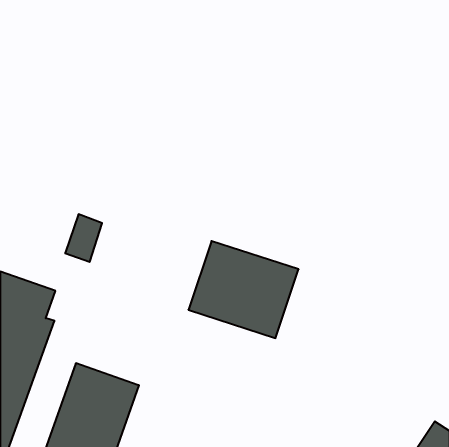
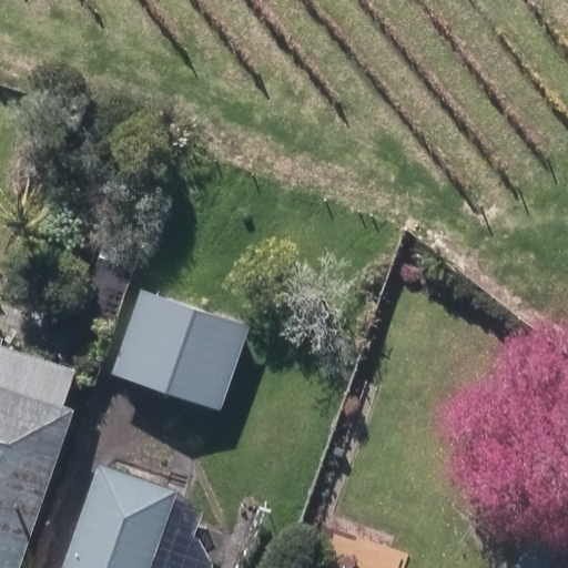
building: [188,241,299,338] -> [113,292,252,414]

